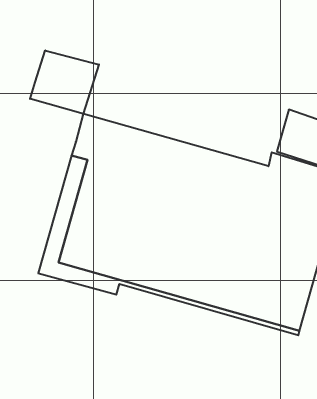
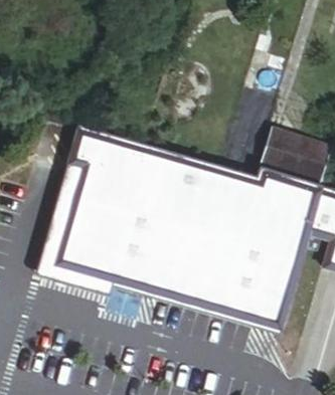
building: [30,50,99,114] -> none

